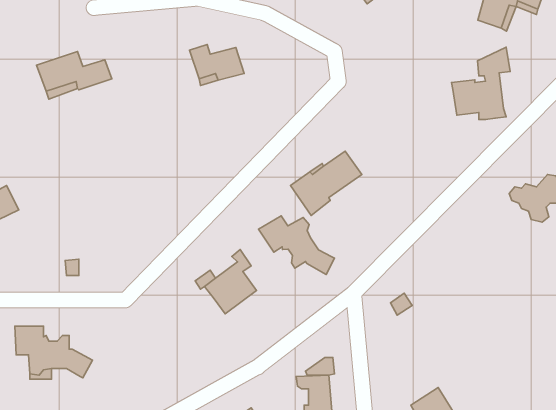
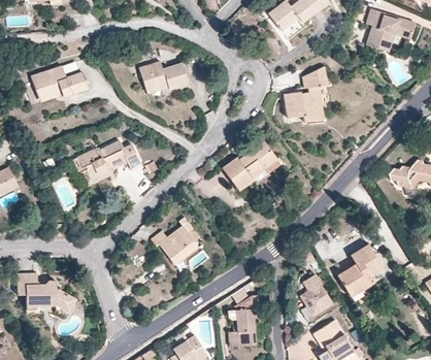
building: [451,47,510,119] -> [284,66,328,121]
building: none -> [77,140,143,175]
building: [259,216,334,275] -> none
building: none -> [338,244,384,296]
building: none -> [302,274,334,315]

